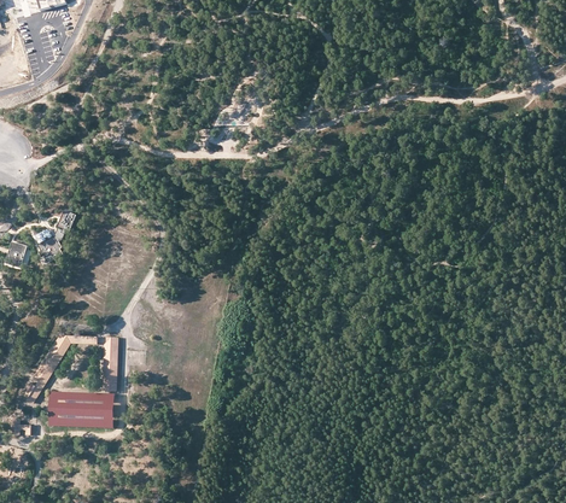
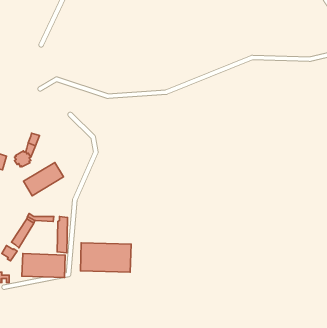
building: none -> [23,162,63,196]
building: none -> [80,243,131,272]

